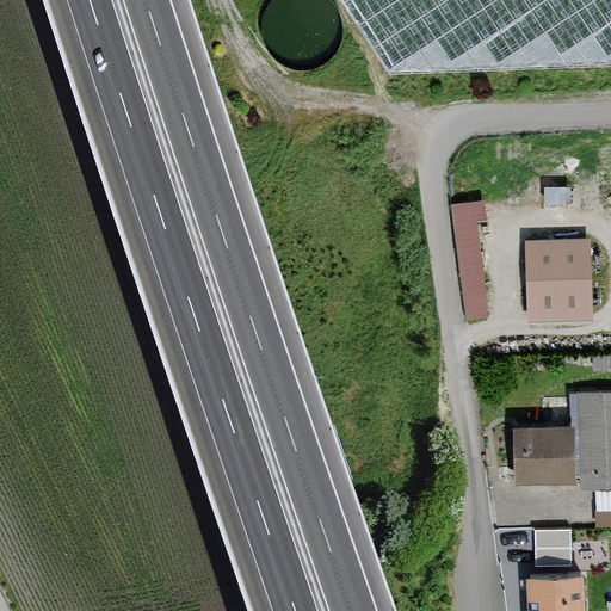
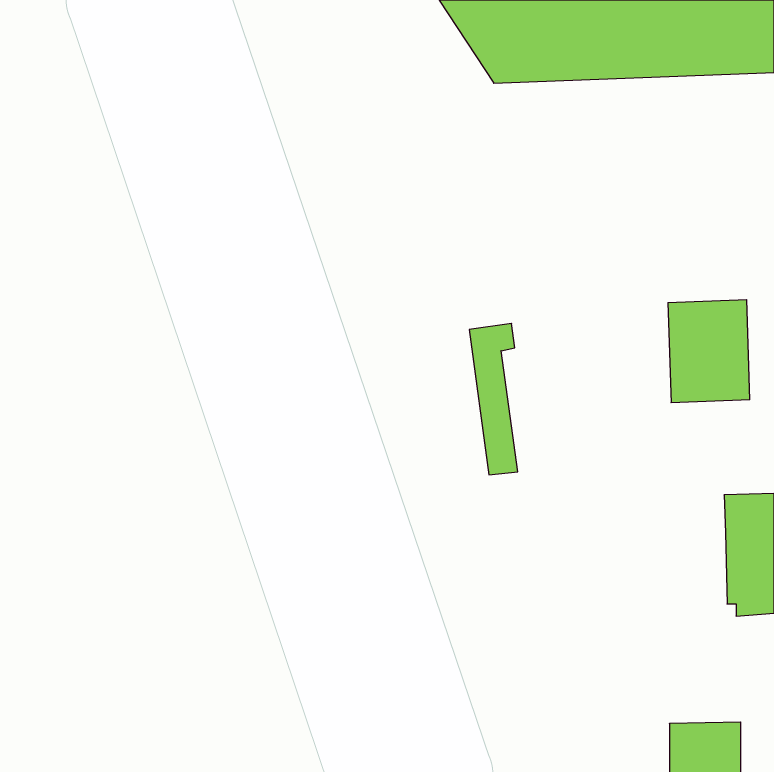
building: [451,197,489,316] -> [469,323,518,475]
building: [514,421,573,480] -> none
building: [536,523,575,555] -> none

